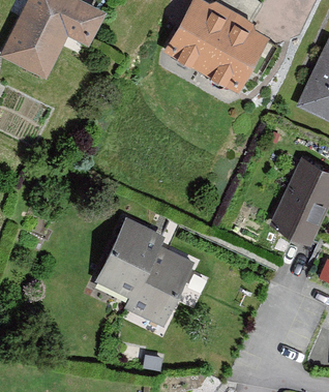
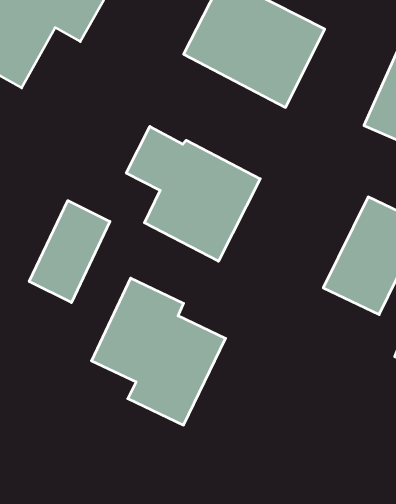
building: none -> [126,126,260,261]
building: none -> [29,201,110,303]

